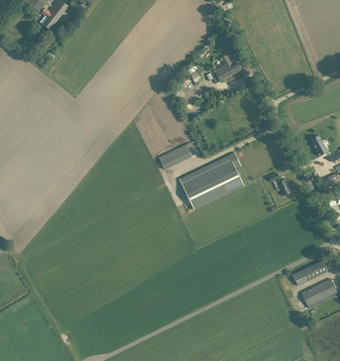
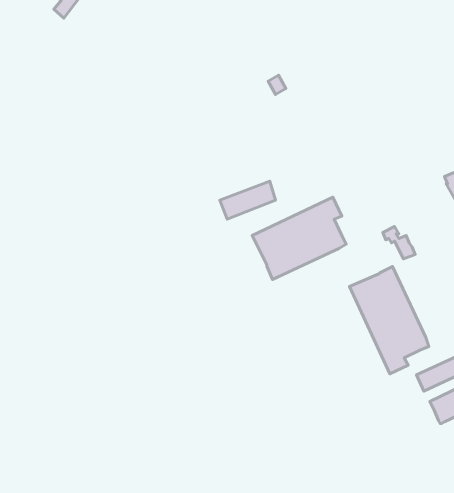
building: [209,53,240,83] -> none
building: none -> [349,266,429,374]

